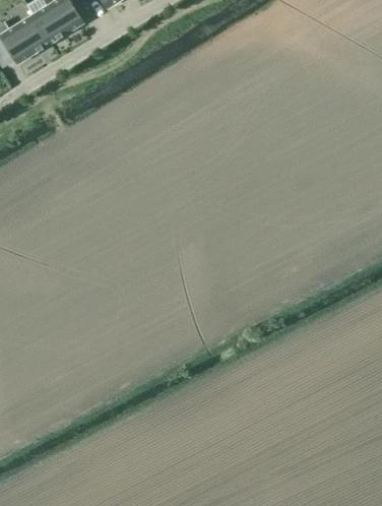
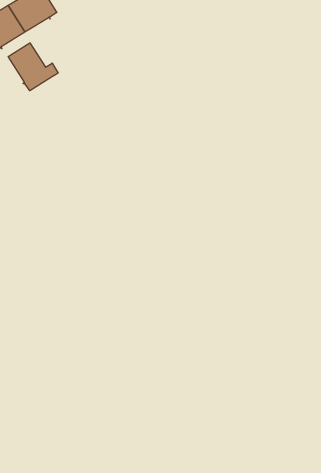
building: none -> [8,43,58,91]

